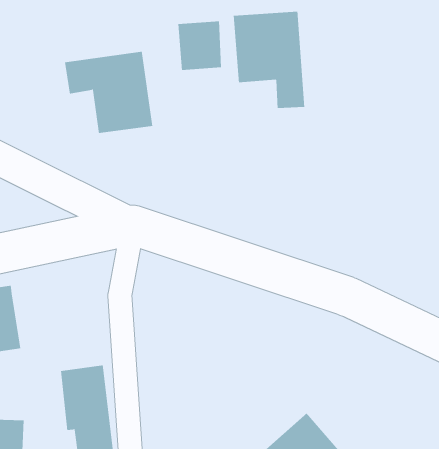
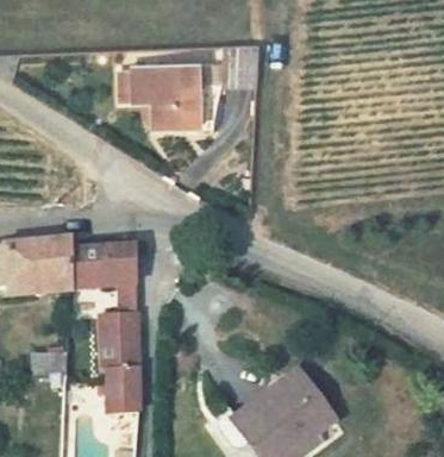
building: [233,11,305,109] -> none
building: none -> [69,245,136,293]

